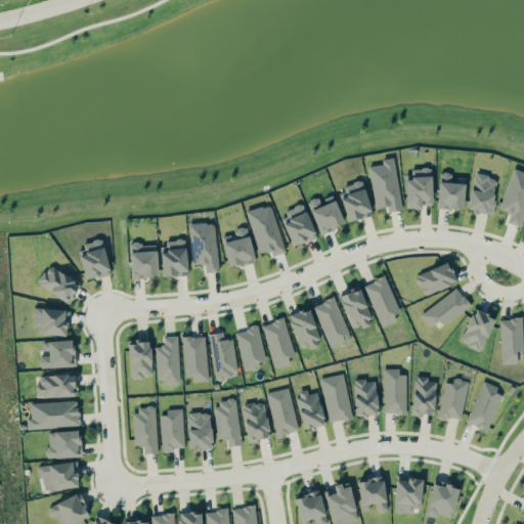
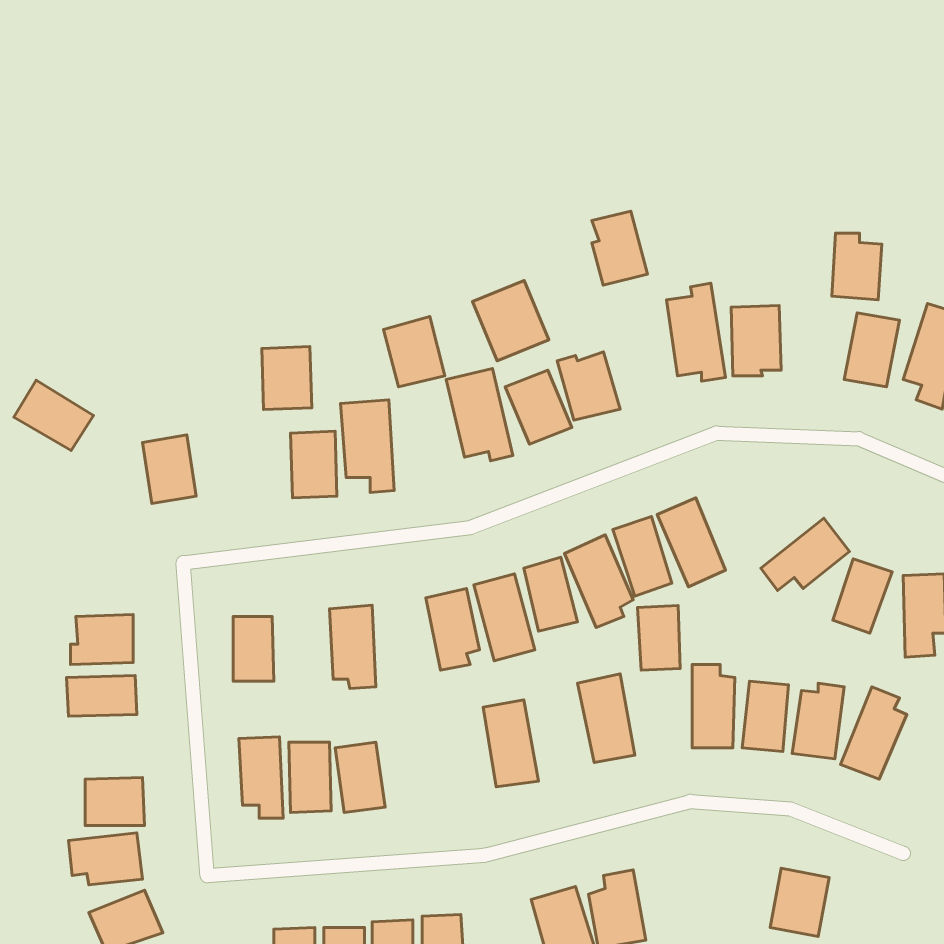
building: none -> [472,280,549,361]
building: [438,173,466,210] -> [832,233,882,300]
building: [342,181,373,222] -> [592,211,647,285]
building: [222,229,256,268] -> [384,317,445,387]
building: [130,244,158,278] -> [262,347,312,410]
building: [38,264,82,303] -> [14,380,93,451]
building: [417,264,456,295] -> none
building: [34,307,70,337] -> none
building: [210,333,238,379] -> none
building: [156,337,180,384] -> none
building: [354,380,378,416] -> [637,606,680,670]
building: [297,390,325,430] -> none
building: [214,400,243,447] -> none
building: [28,401,80,429] -> none
building: [243,402,270,442] -> none
building: [394,476,423,513] -> none
building: [358,477,389,514] -> none

